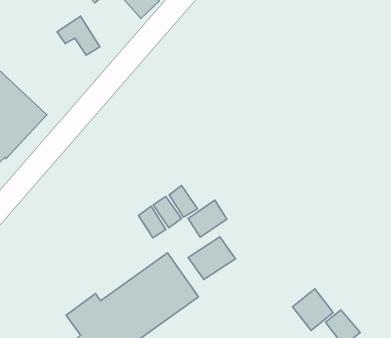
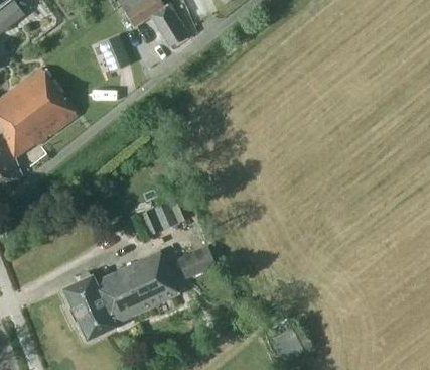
building: [188,200,227,237] -> none
building: [293,289,333,331] -> none

